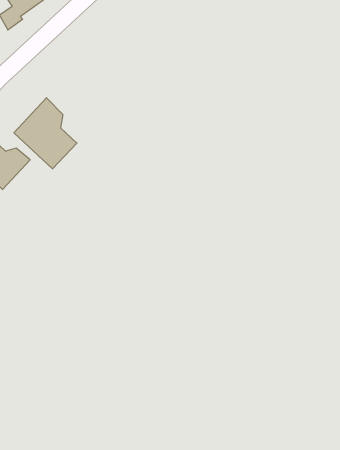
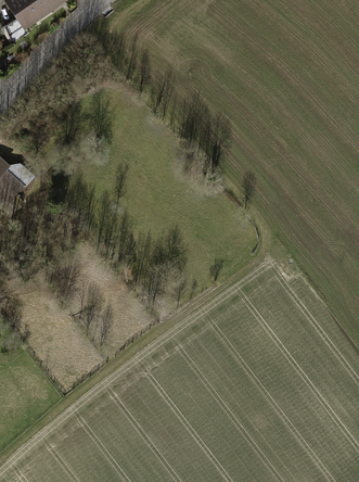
building: [14,98,77,169] -> none

